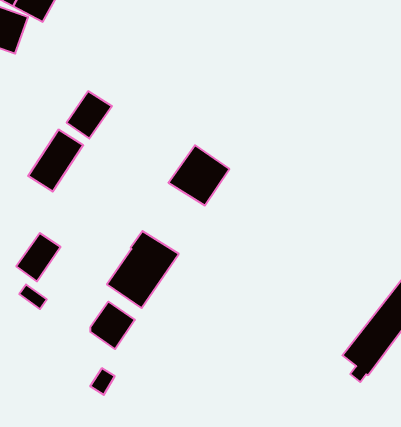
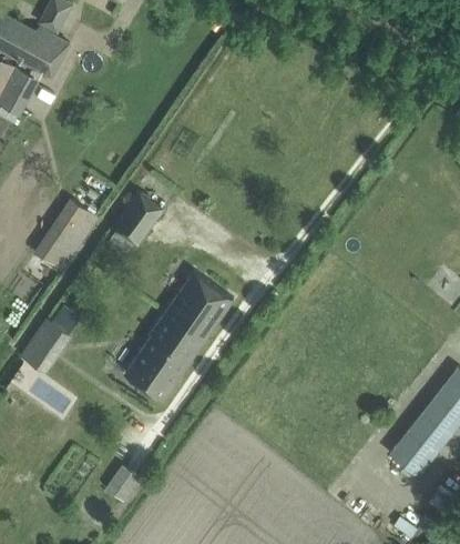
building: [67,91,112,139] -> [112,192,163,245]
building: [168,145,229,205] -> [164,272,233,340]
building: [90,302,135,349] -> none

